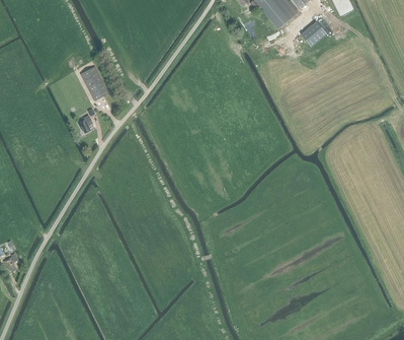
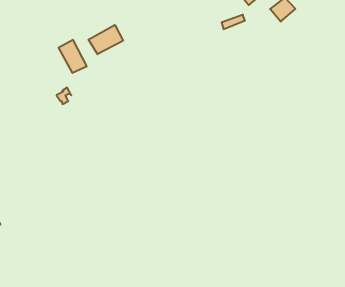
building: none -> [89,25,123,54]

